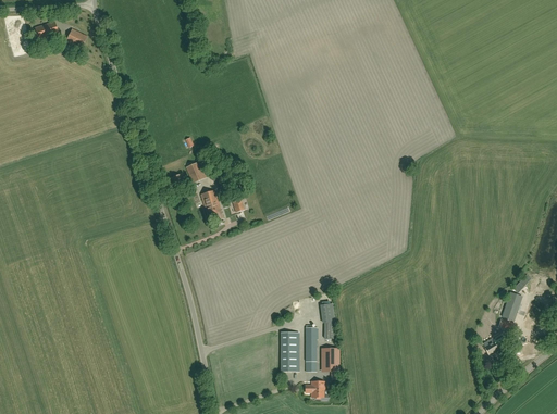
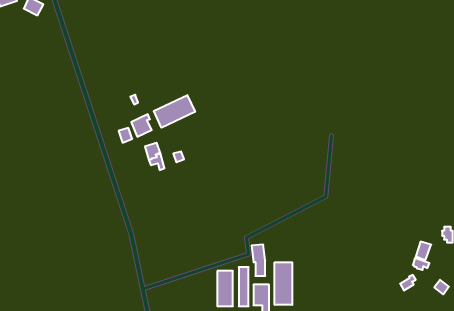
building: none -> [154,95,195,128]
building: none -> [275,262,292,305]

